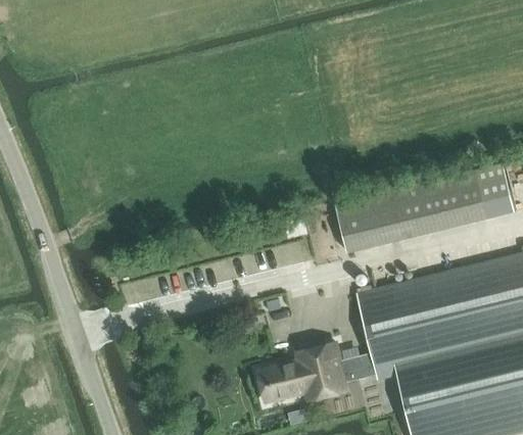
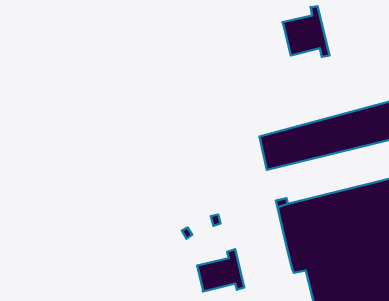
building: none -> [282,6,330,57]
building: [306,344,378,399] -> none

